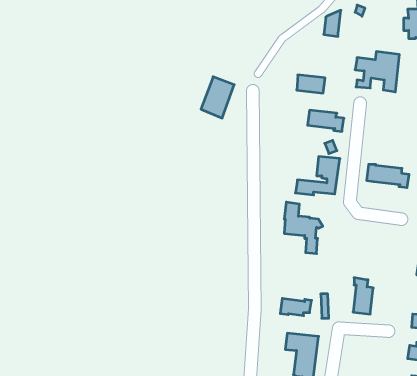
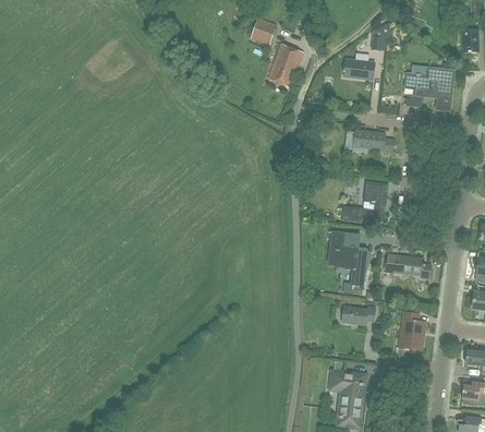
building: none -> [250,17,276,44]
building: [297,75,325,93] -> [343,59,374,79]
building: [201,77,234,118] -> [267,43,303,87]
building: [367,164,409,188] -> [385,253,431,278]
building: [280,298,312,316] -> [341,305,375,324]

